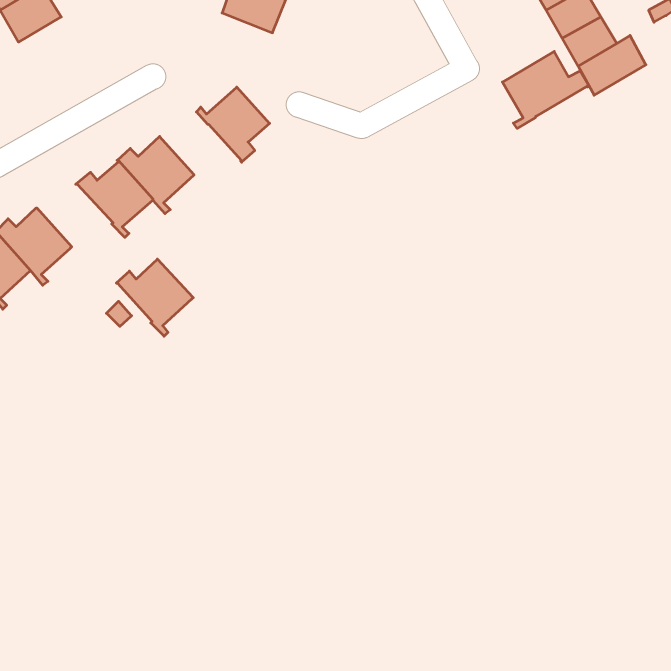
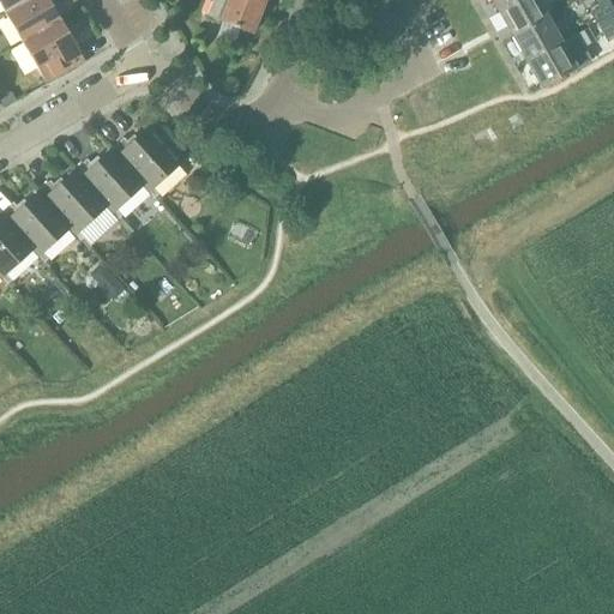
building: none -> [23,18,85,83]
building: [502,51,589,128] -> none
building: [196,87,270,162] -> none
building: [116,259,193,336] -> [38,169,108,239]

